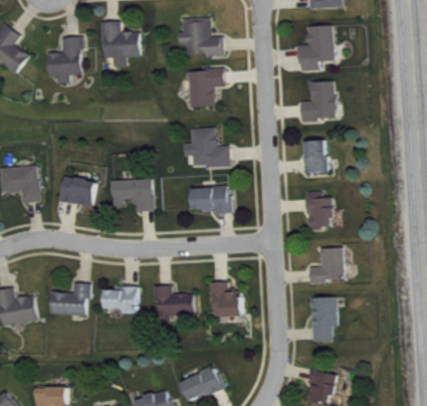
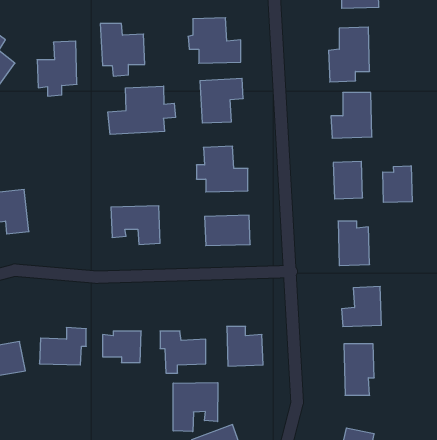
building: none -> [108,86,176,134]
building: none -> [383,166,412,202]
building: [59,175,96,206] -> none
building: none -> [173,383,218,432]

